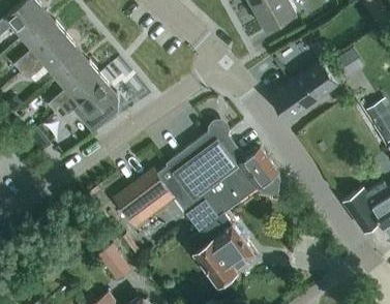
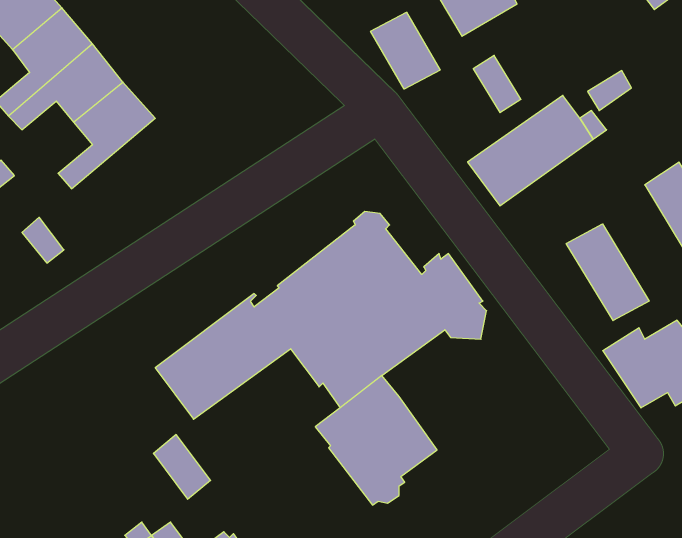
building: none -> [371,12,440,89]
building: [55,74,117,132] -> none
building: none -> [566,224,649,321]

